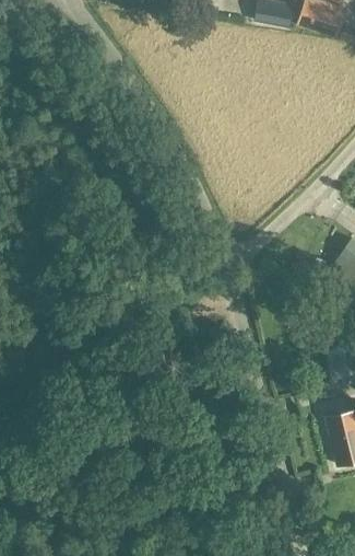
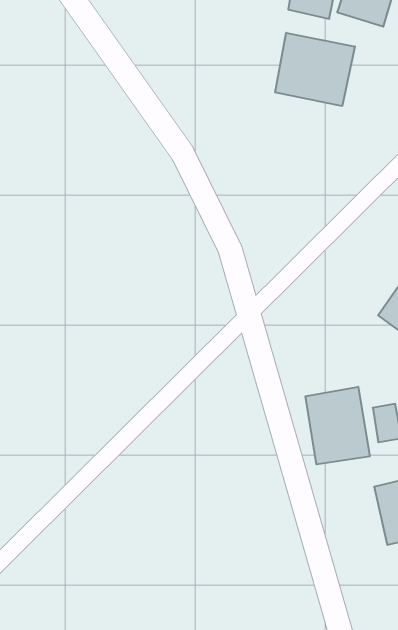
building: none -> [275,33,355,106]
building: none -> [305,387,370,464]

